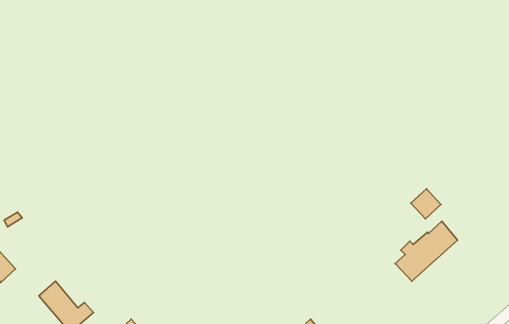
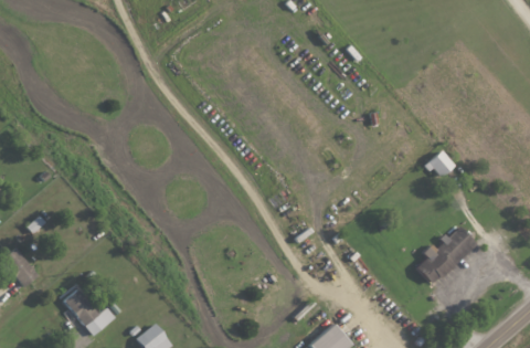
building: [411,189,441,219] -> [424,149,454,179]

